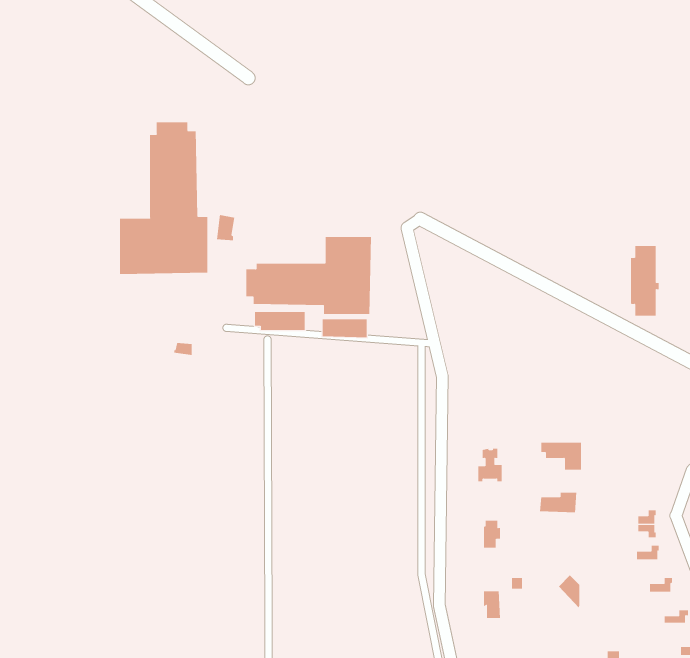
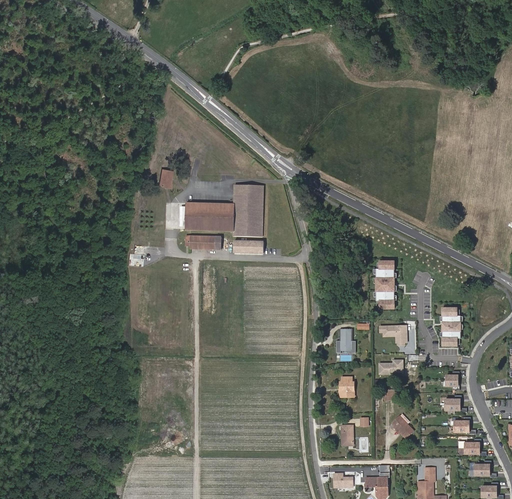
building: [120,122,208,275] -> none
building: [630,246,659,316] -> [376,261,396,309]
building: none -> [440,308,460,344]

